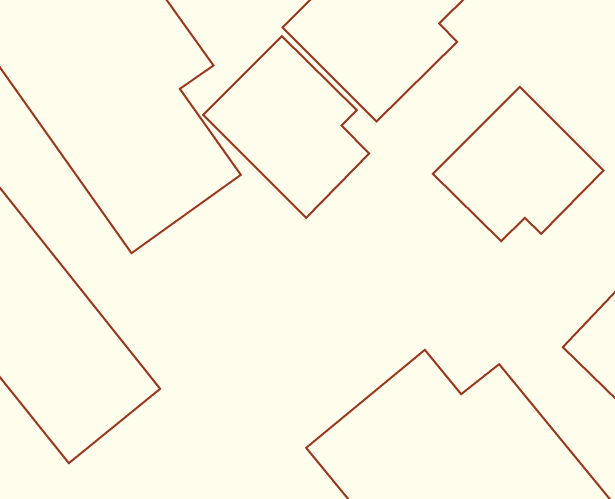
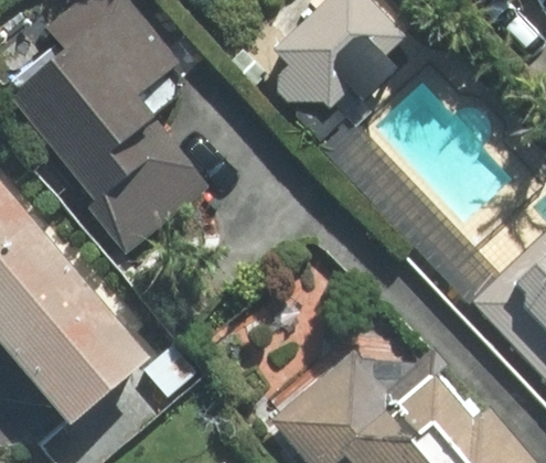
building: [203,36,369,218] -> none
building: [433,87,603,241] -> none

